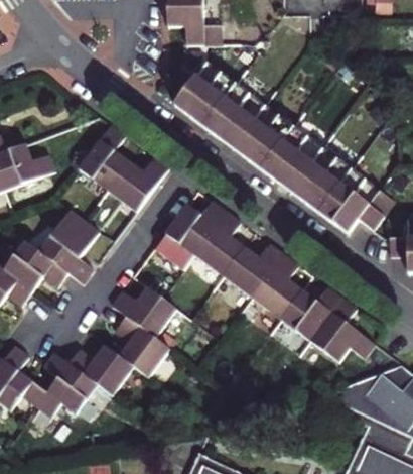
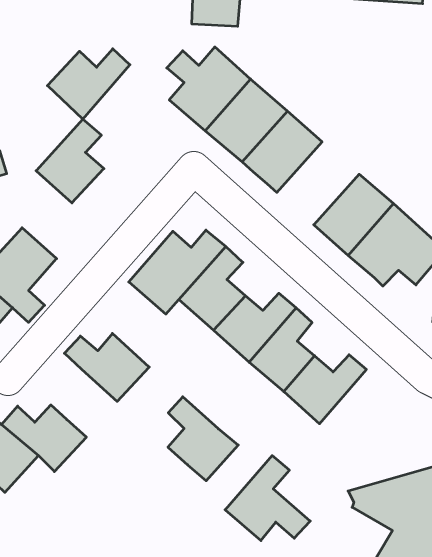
building: [262,126,323,190] -> none
building: [107,156,168,212] -> [47,49,130,119]
building: [309,297,375,362] -> [225,456,310,541]
building: [115,315,170,377] -> [168,397,238,481]

